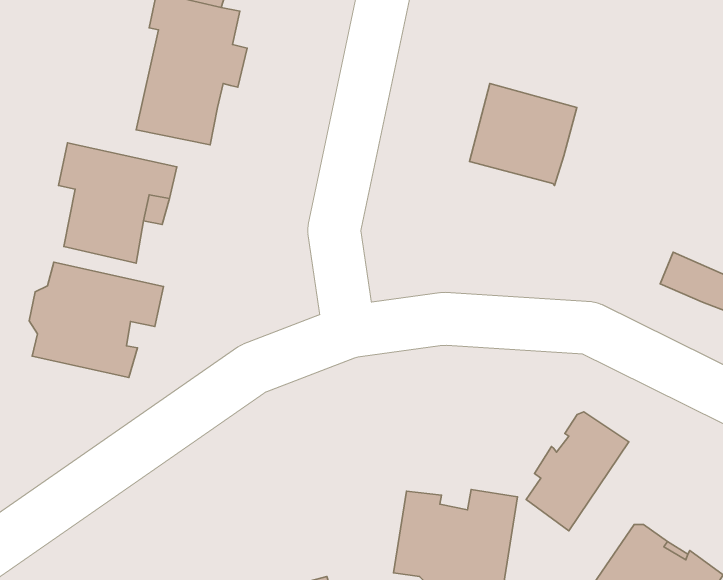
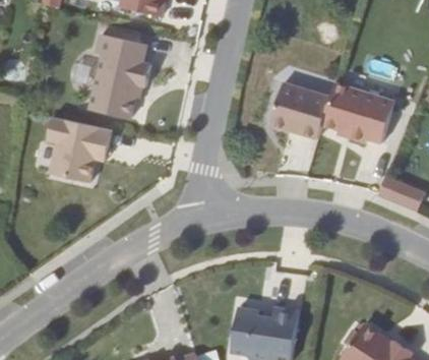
building: none -> [324,82,394,141]
building: [29,262,164,377] -> none
building: [526,412,629,531] -> none

